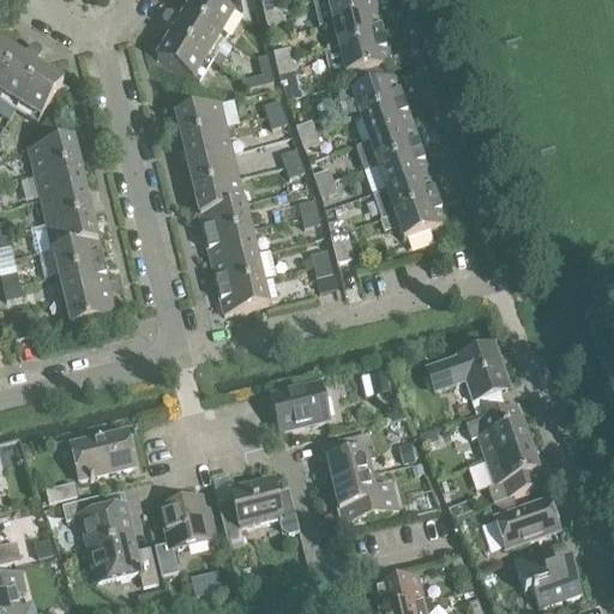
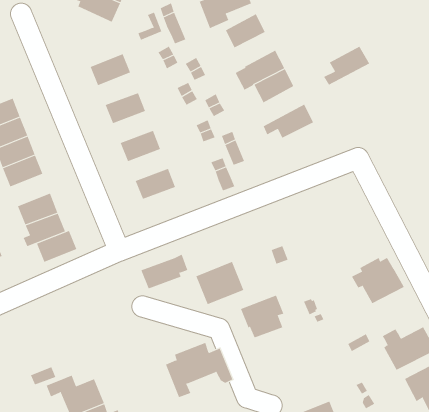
building: [156,32,211,82] -> none
building: [360,98,411,138] -> none
building: [181,124,235,161] -> none
building: [377,171,438,216] -> [323,46,370,86]
building: [193,176,243,211] -> none
building: [205,227,255,261] -> none
building: [53,236,103,272] -> [36,230,77,262]
building: [217,273,277,312] -> [141,254,188,289]
building: [426,339,510,411] -> none
building: [70,427,134,478] -> none
building: [486,444,543,501] -> none
building: [332,472,398,522] -> none
building: [158,493,215,547] -> none

